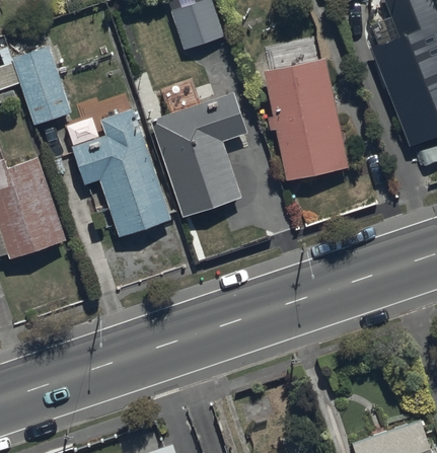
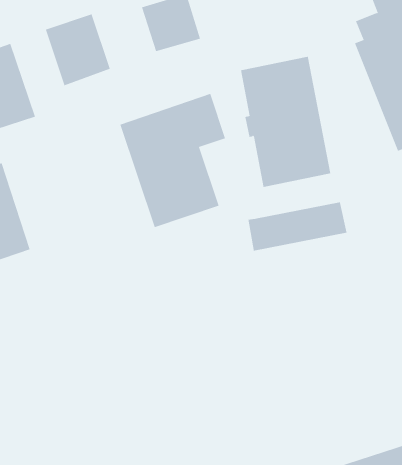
building: none -> [45,13,110,86]
building: [72,109,171,237] -> none
building: none -> [248,202,347,251]

